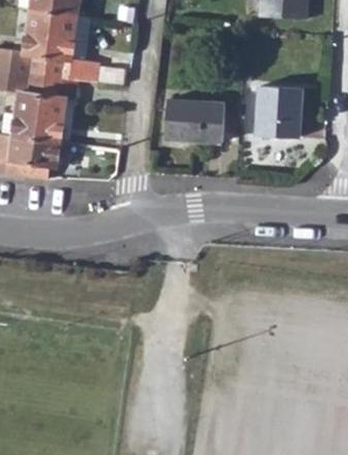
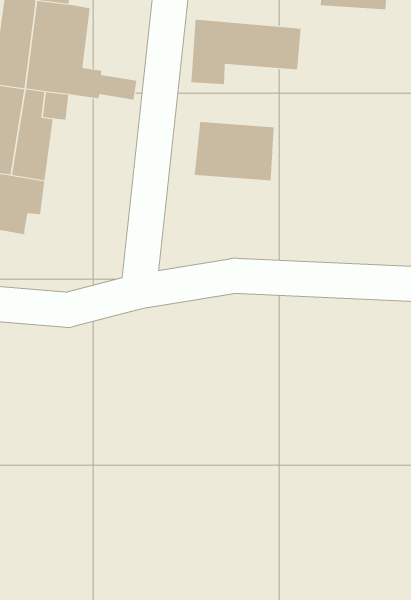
building: none -> [191,19,301,85]
building: [257,86,304,137] -> none

